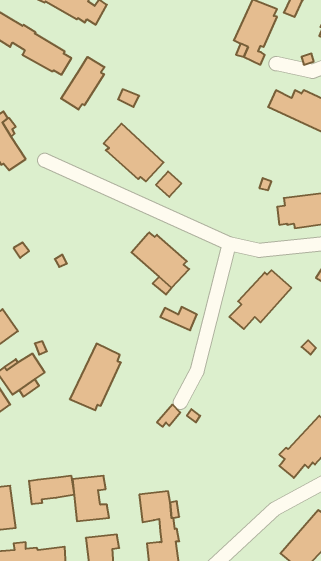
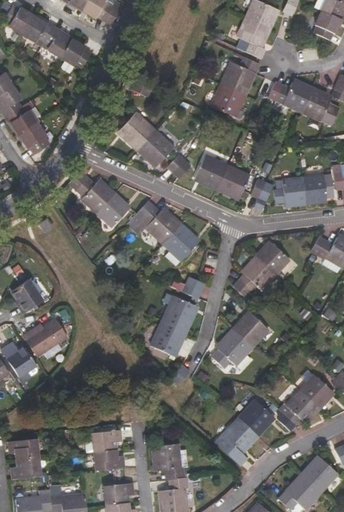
building: [61,57,105,110] -> none
building: none -> [211,57,260,116]
building: none -> [196,155,249,197]
building: none -> [70,170,128,227]
building: none -> [251,179,273,210]
building: none -> [127,200,160,235]
building: [70,344,121,410] -> [150,295,196,355]
building: none -> [213,313,269,370]
building: none -> [215,400,272,466]
building: [29,476,74,504] -> none

